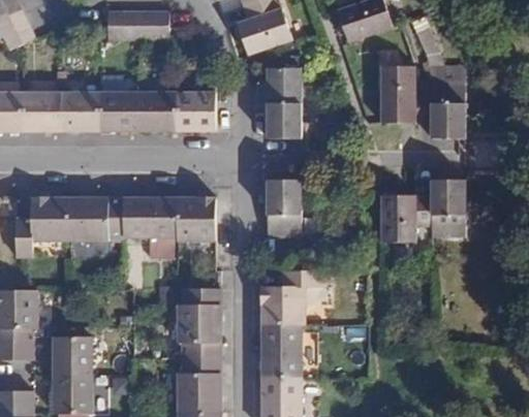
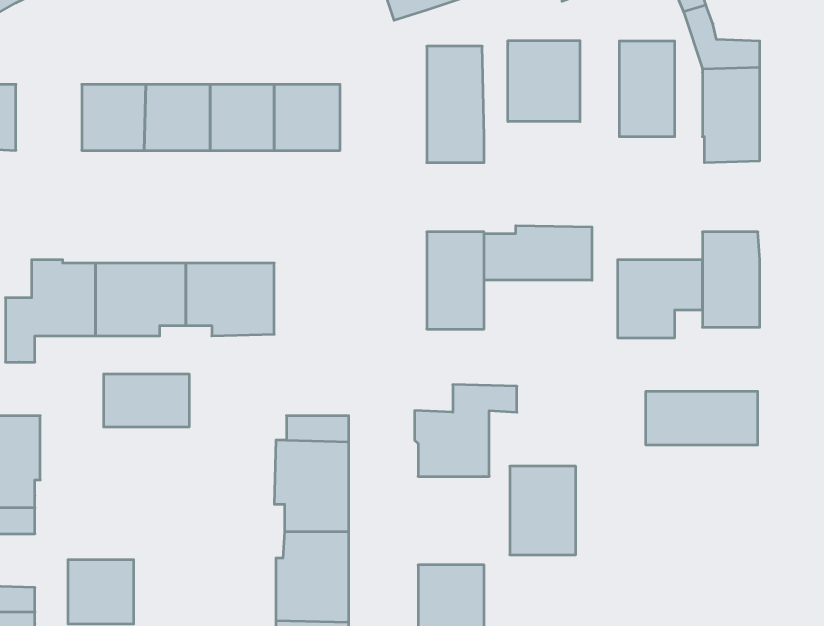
building: none -> [508,41,580,122]
building: [22,92,61,131] -> none
building: none -> [484,226,592,280]
building: [176,196,215,240] -> none
building: none -> [104,374,189,427]
building: none -> [646,391,758,445]
building: [261,325,301,378] -> [510,466,576,555]
building: [53,336,92,375] -> none

